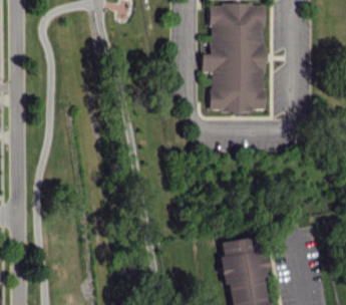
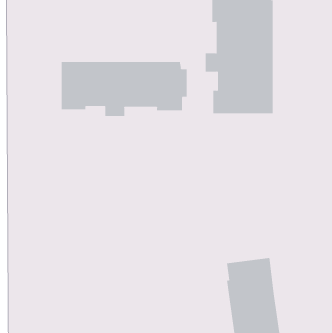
building: none -> [61,61,187,117]

